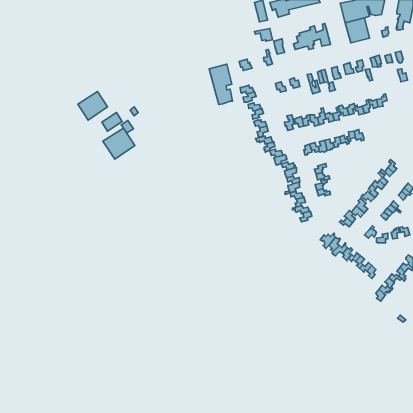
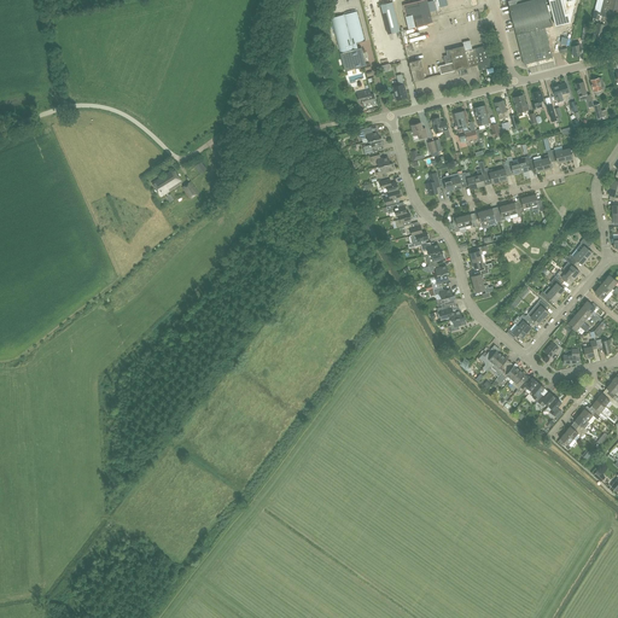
building: [209,64,233,105] -> [331,10,366,70]
building: [78,91,108,120] -> none
building: [103,128,135,159] -> none

